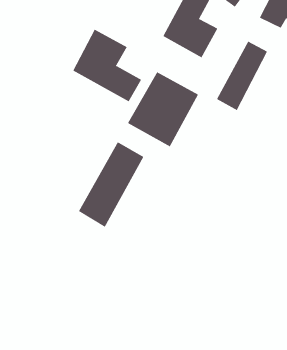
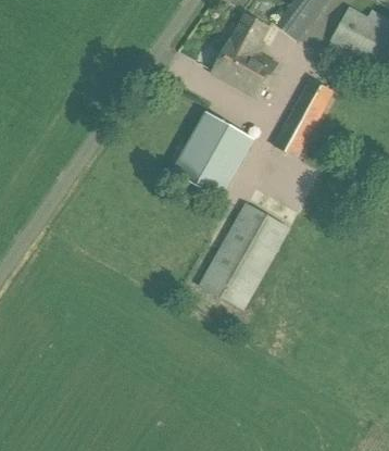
building: [72,29,142,102] -> none
building: [78,141,144,228] -> [201,201,276,299]

